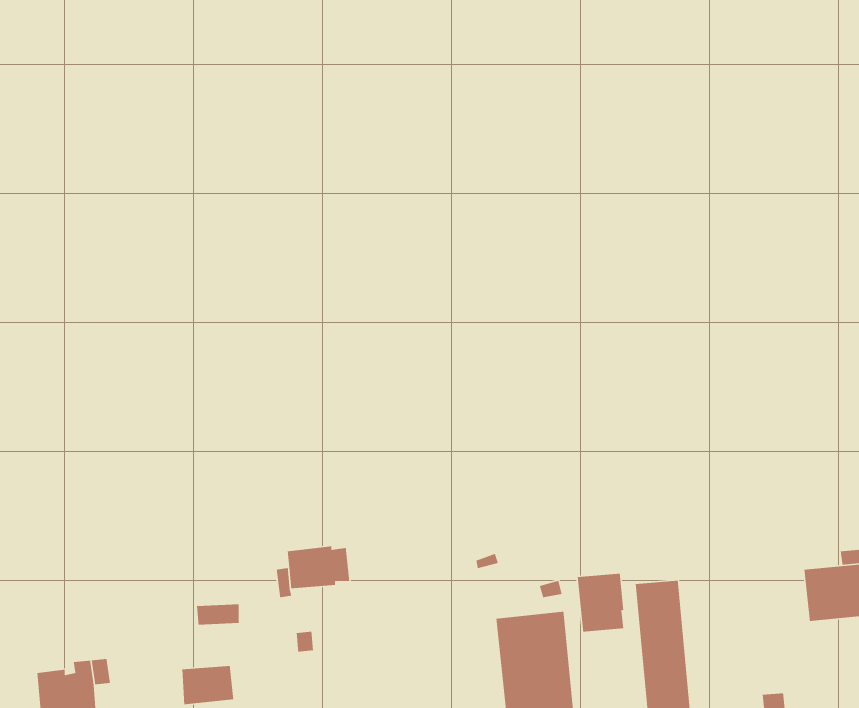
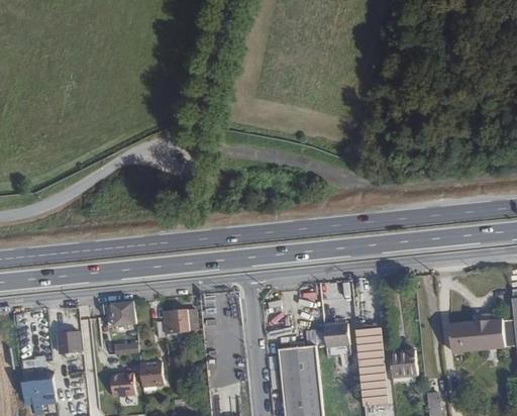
building: none -> [105,301,135,327]
building: none -> [58,331,82,353]
building: none -> [389,350,414,378]
building: none -> [139,361,164,387]

